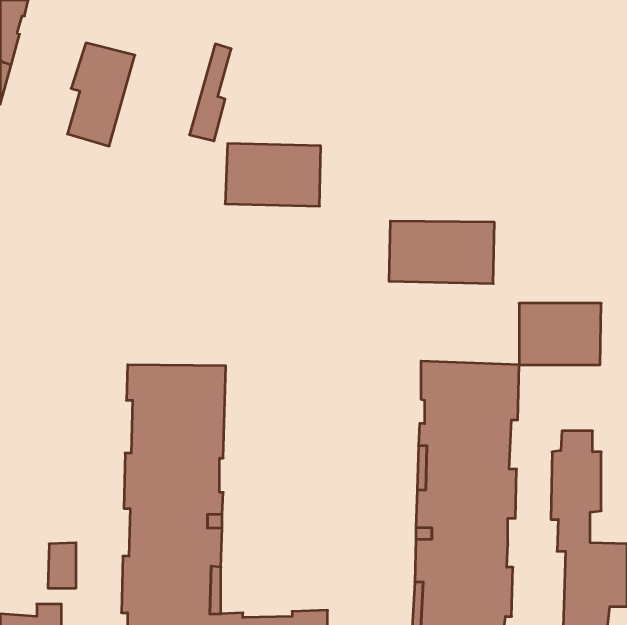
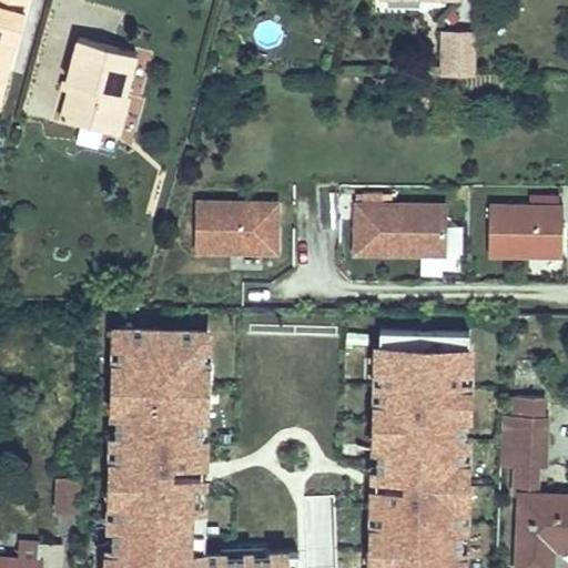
building: none -> [445,33,481,79]
building: [189,44,231,141] -> [99,52,136,140]
building: [225,144,321,206] -> [192,200,278,256]
building: [519,303,601,365] -> [488,204,562,260]

